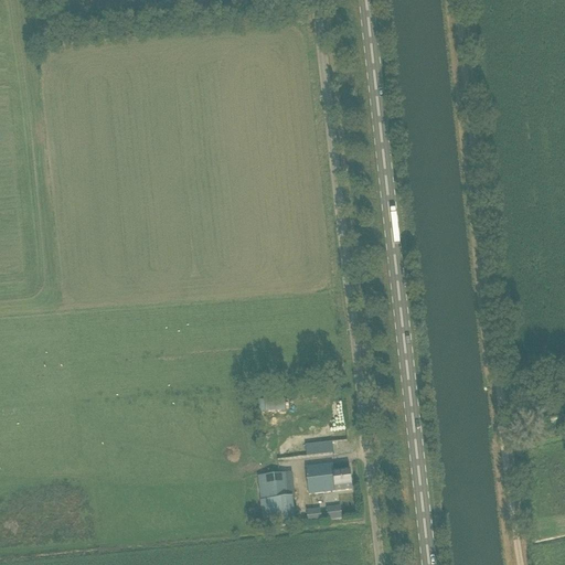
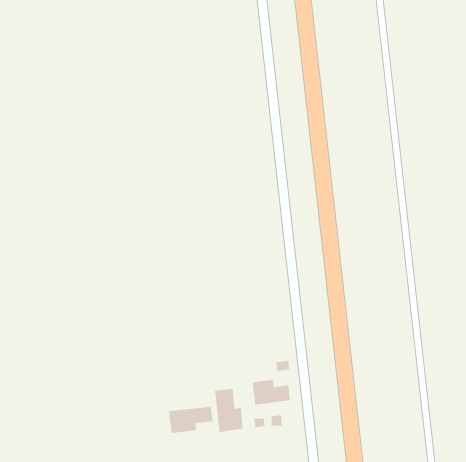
building: none -> [168,406,213,434]

